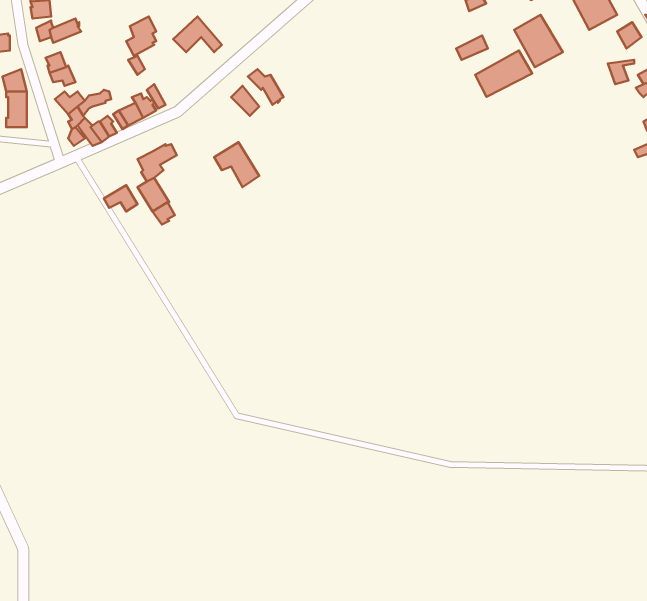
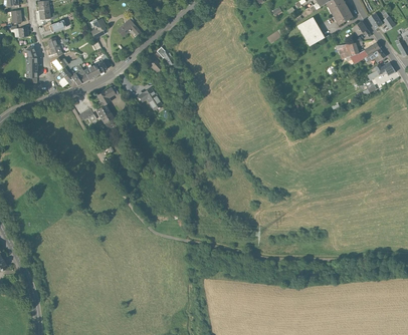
building: [475,51,532,97] -> none

